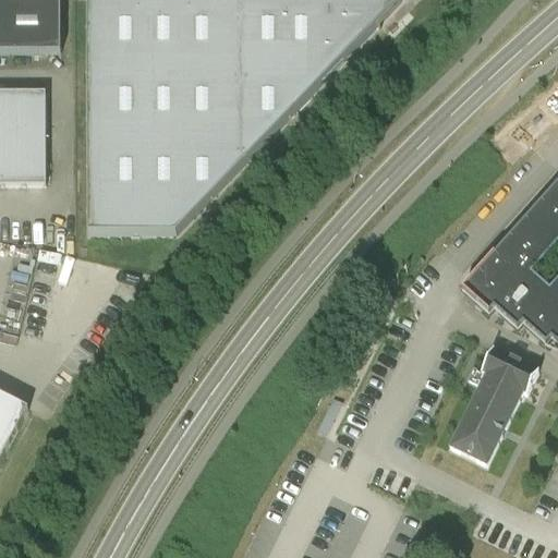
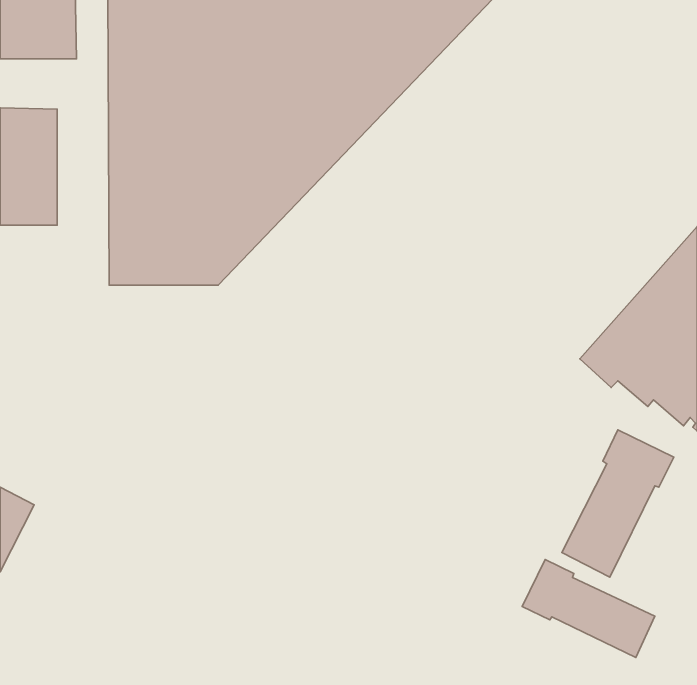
building: none -> [522,559,655,657]

